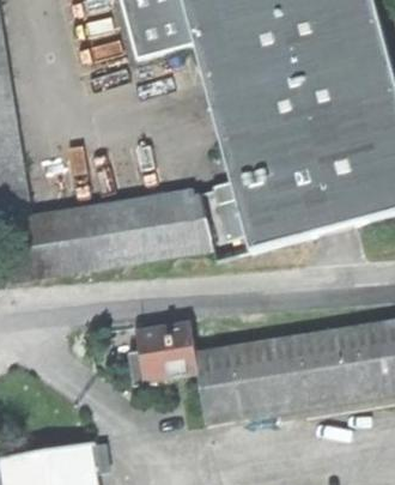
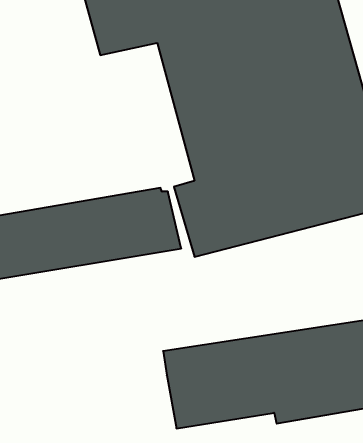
building: [130,322,200,386] -> none

